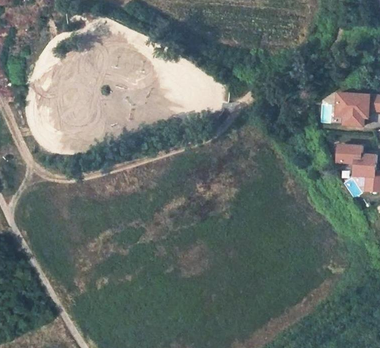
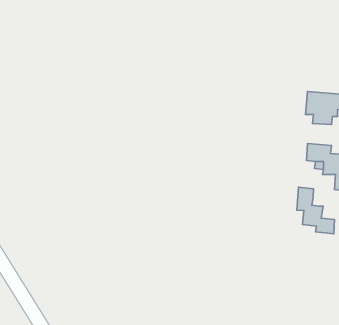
building: none -> [297,187,334,234]

